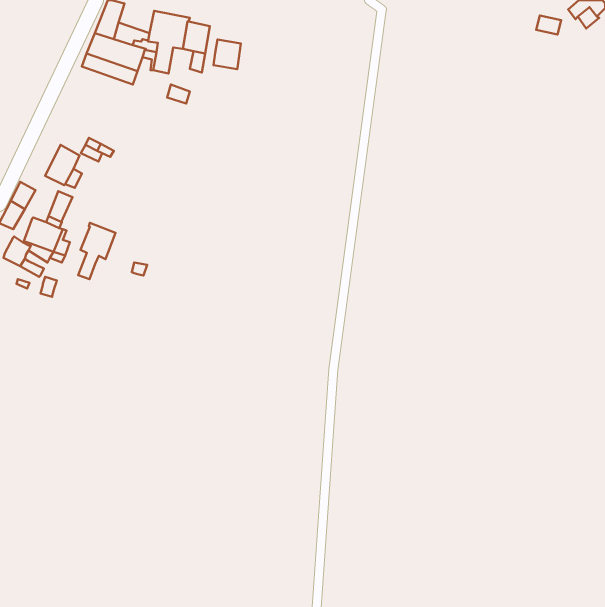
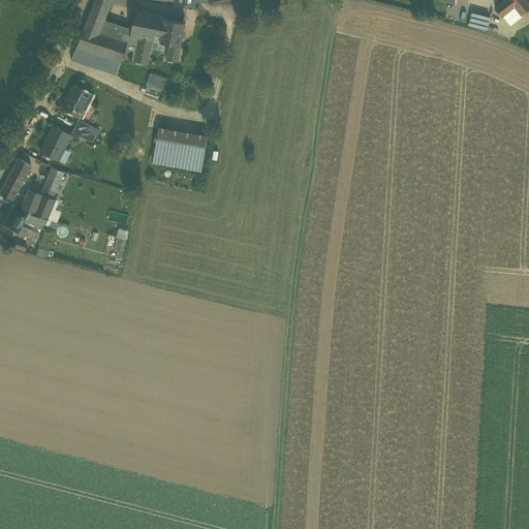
building: [214,39,241,69] -> none
building: none -> [61,86,90,118]
building: none -> [152,128,207,170]
building: [78,223,115,279] -> none

